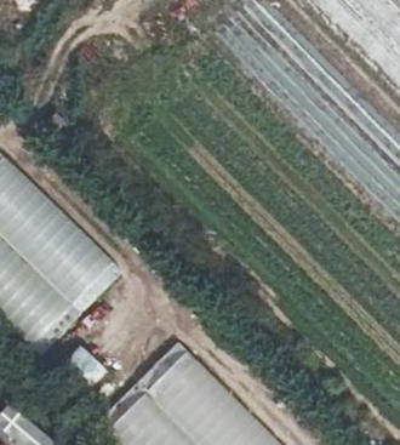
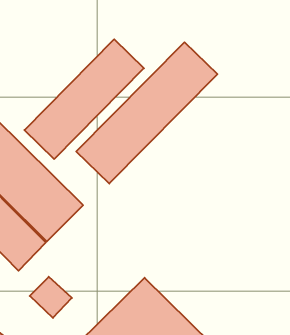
building: none -> [24,39,144,159]
building: none -> [76,42,217,184]

